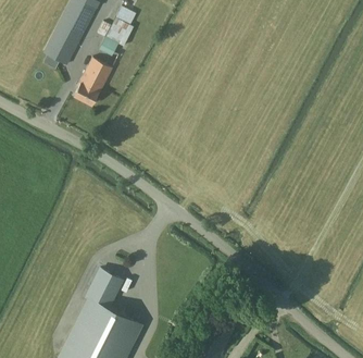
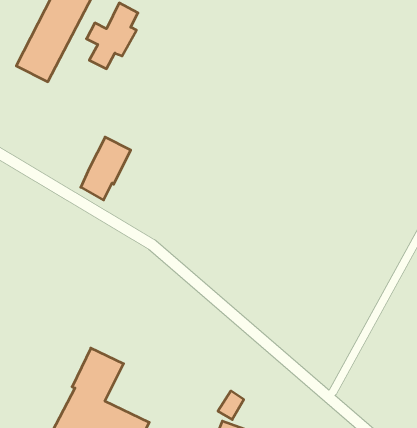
building: [74,58,112,106] -> [81,137,131,200]

